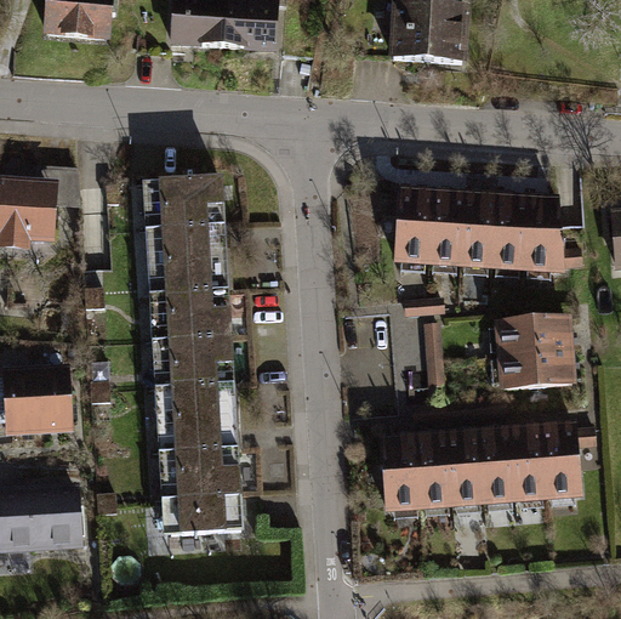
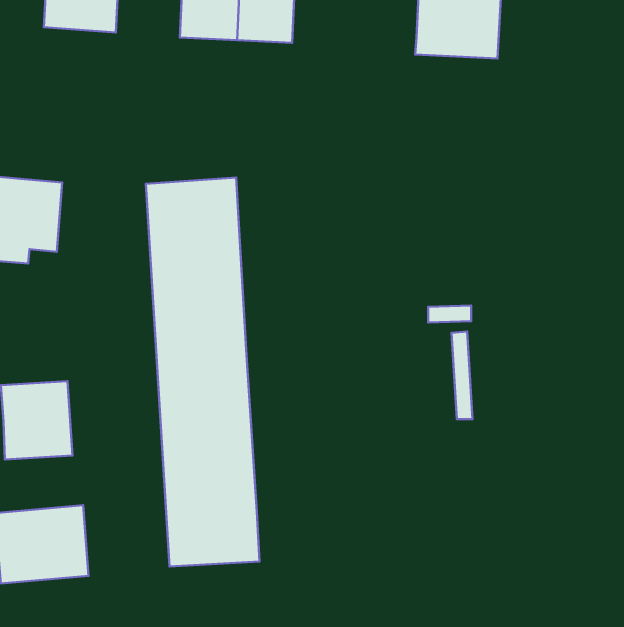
building: [391,184,559,268] -> none
building: [490,314,570,390] -> none
building: [374,422,574,512] -> none

